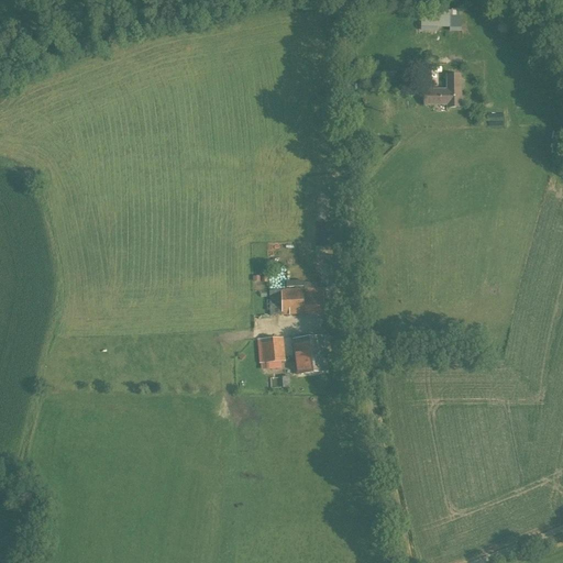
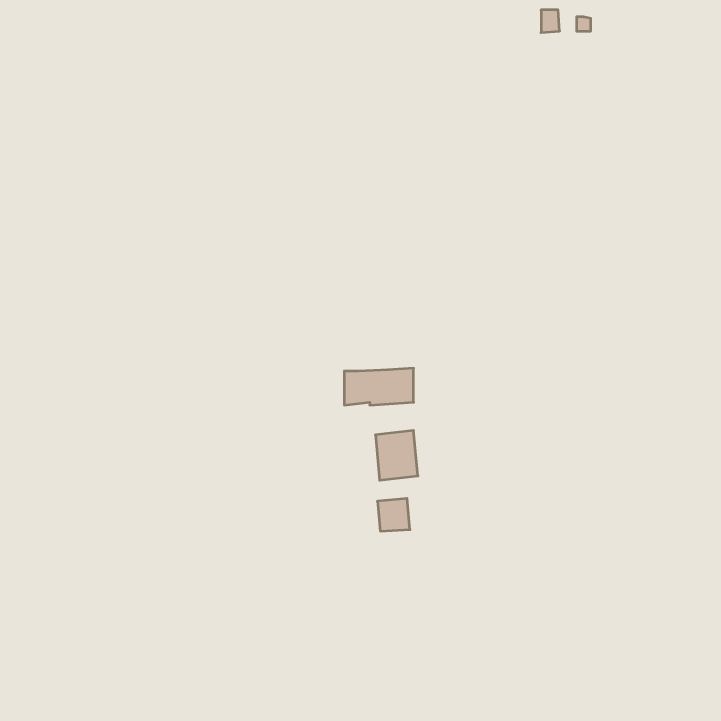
building: [421,73,459,106] -> none
building: [257,335,283,361] -> [377,498,410,531]

